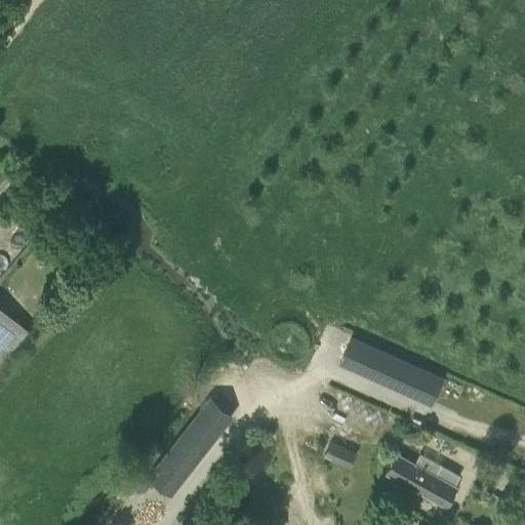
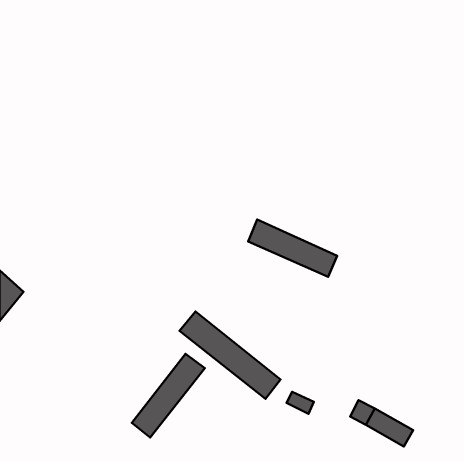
building: [339,340,440,405] -> [248,220,337,277]
building: none -> [180,312,281,399]

